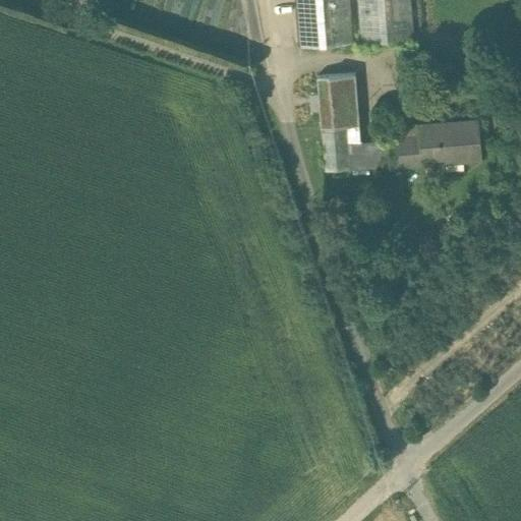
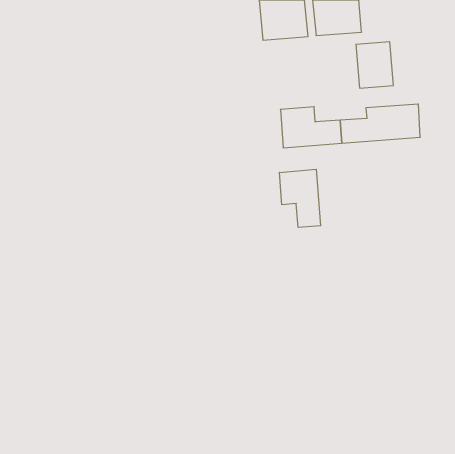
building: [316,73,359,126] -> [356,42,393,88]
building: none -> [279,169,321,227]

